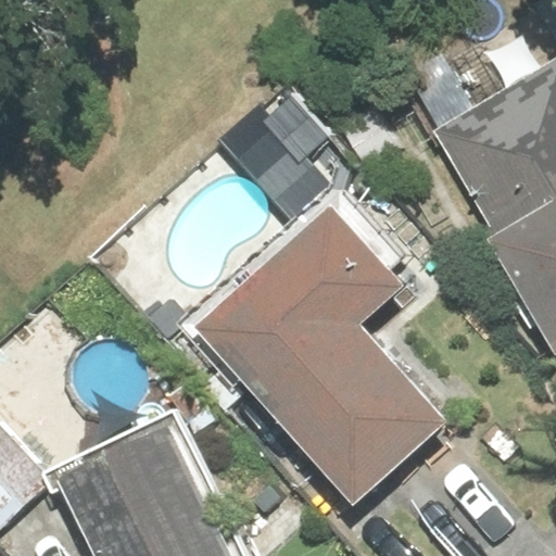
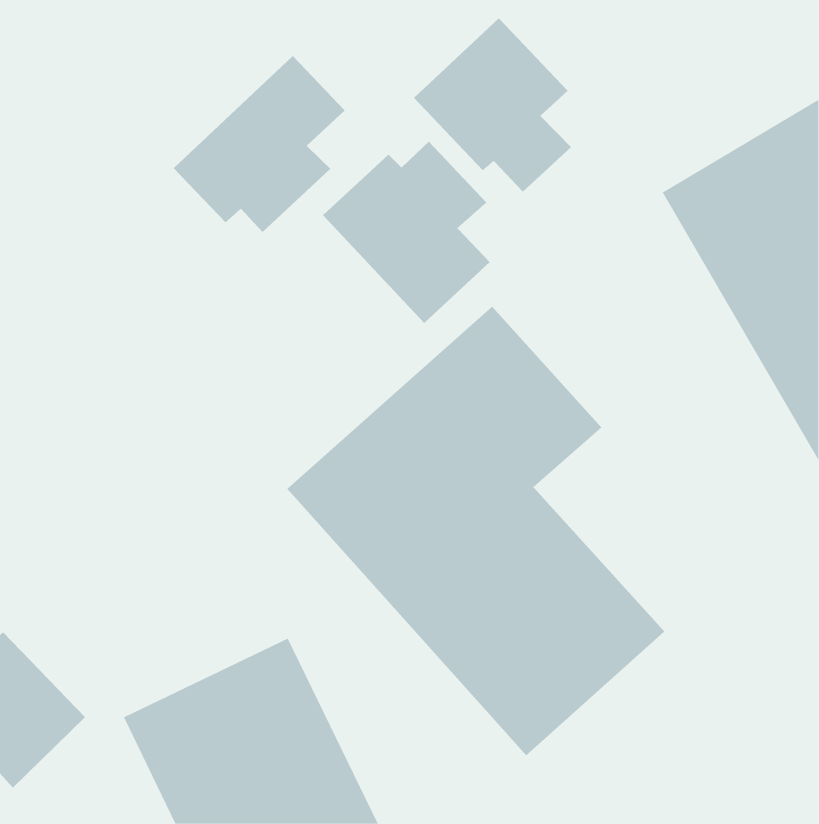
building: none -> [413,17,572,193]
building: none -> [173,55,346,233]

